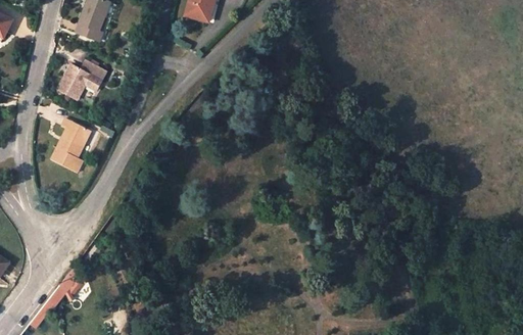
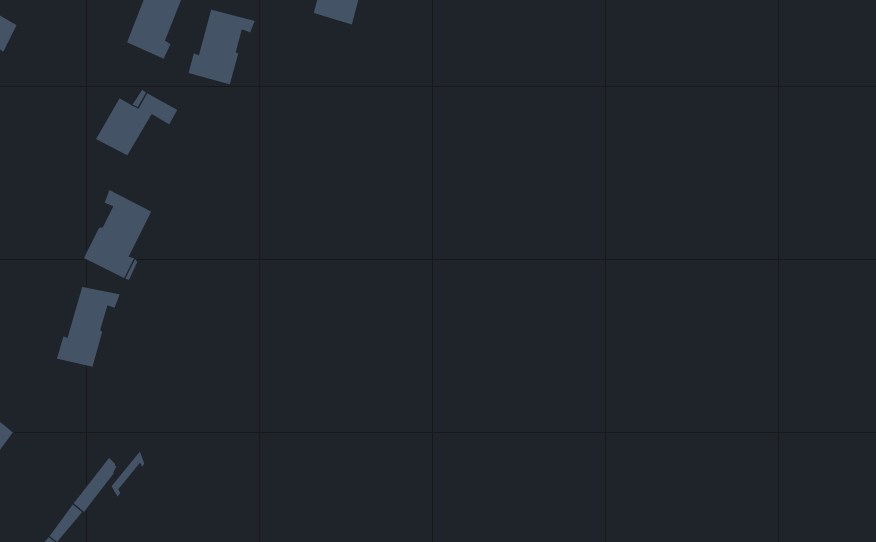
building: none -> [188,9,255,85]
building: none -> [56,286,120,367]

